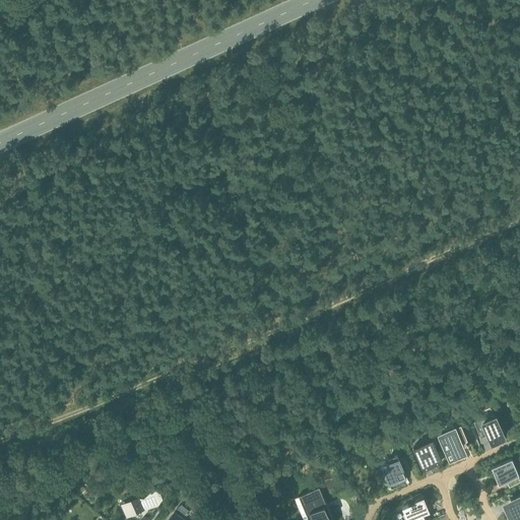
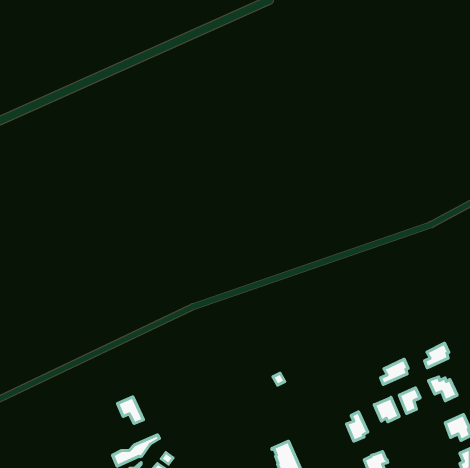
building: none -> [424,343,449,368]
building: none -> [381,359,408,385]
building: none -> [118,397,144,424]

